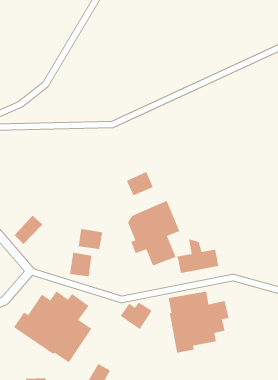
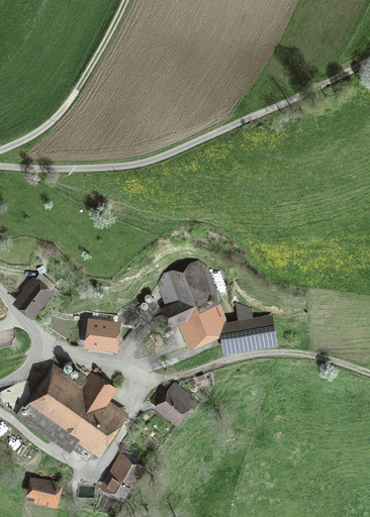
building: [126,171,154,196] -> none
building: [78,228,103,250] -> none
building: [168,291,229,353] -> none

